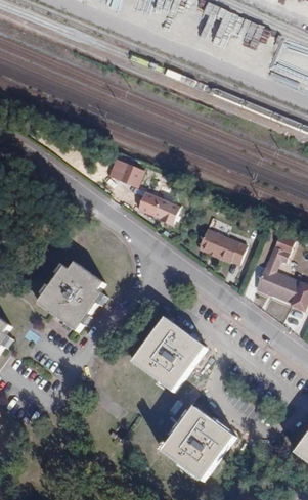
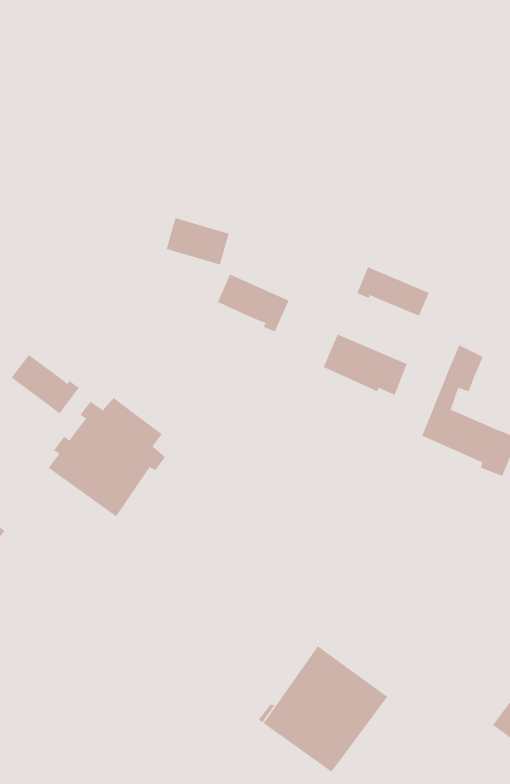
building: none -> [357,266,430,316]
building: none -> [11,354,79,414]
building: [134,319,206,392] -> none

